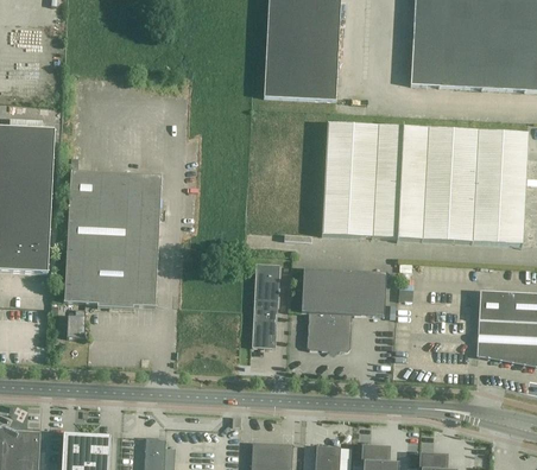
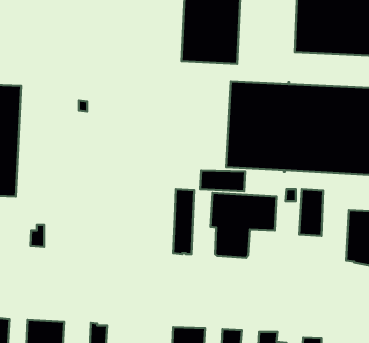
building: [63,170,162,307] -> none
building: none -> [200,171,245,191]
building: none -> [299,189,323,236]

